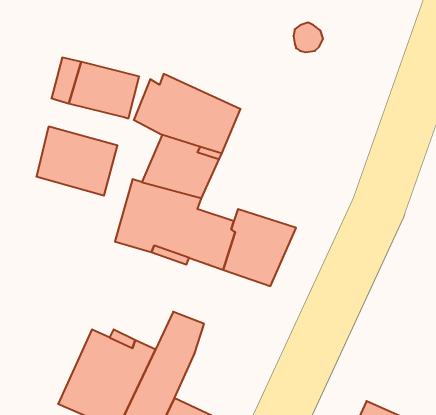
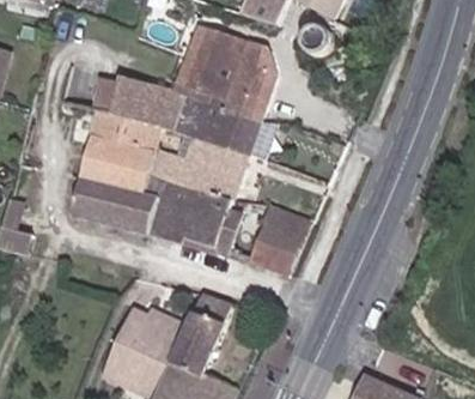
building: none -> [176,30,274,120]
building: none -> [87,111,154,152]
building: none -> [67,180,153,236]

